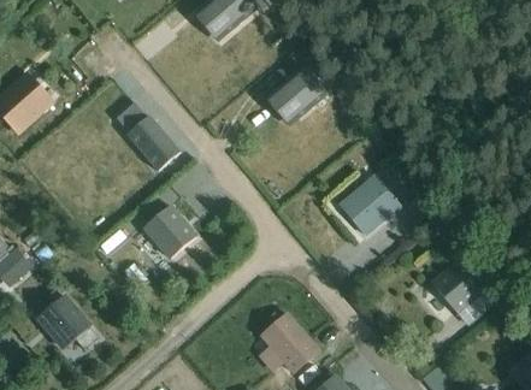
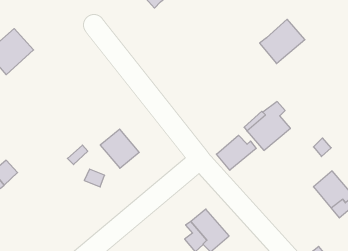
building: [265,66,326,126] -> [260,19,305,64]
building: [117,102,179,171] -> none
building: none -> [216,135,256,170]
building: [37,296,99,350] -> none

